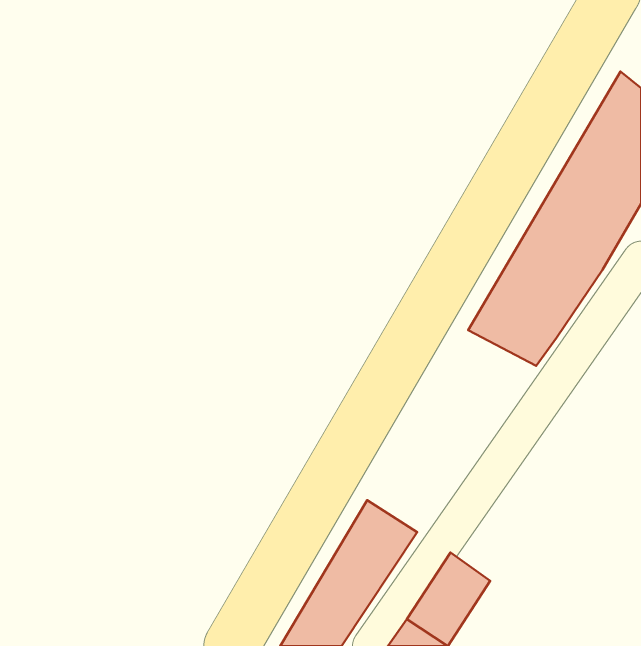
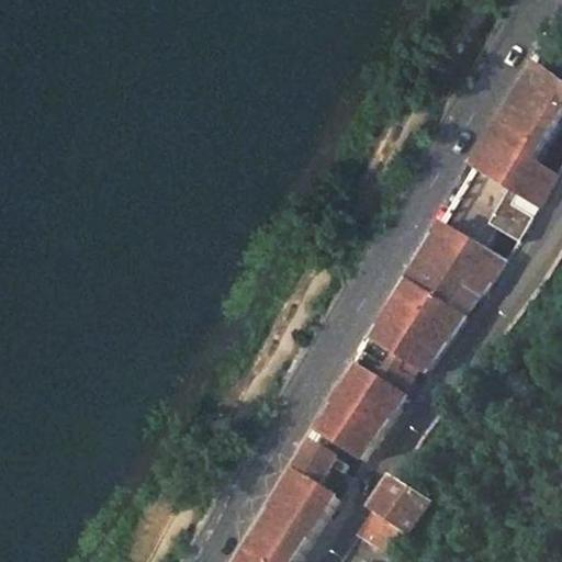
building: none -> [315,283,460,457]

